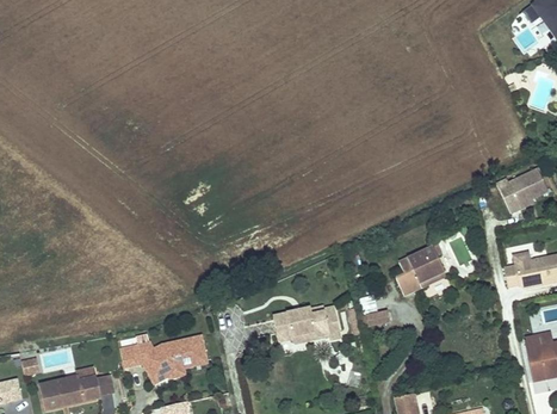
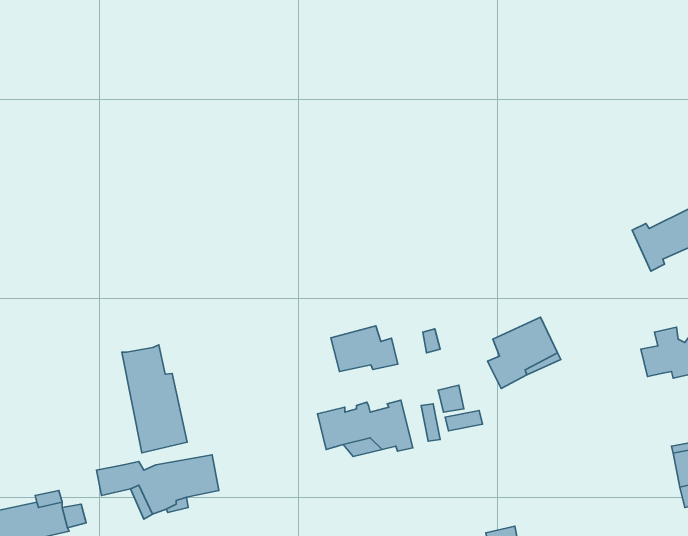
building: none -> [331,326,398,371]
building: none -> [122,345,187,453]

